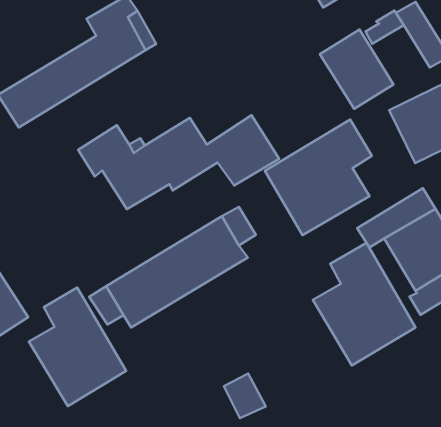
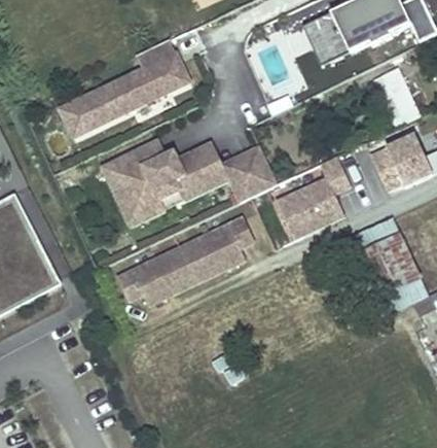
building: [320,30,394,109] -> none
building: none -> [100,158,189,227]
building: [313,243,416,365] -> none
building: [29,288,126,406] -> none

